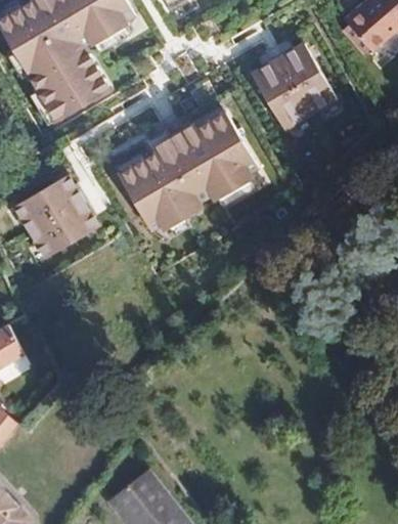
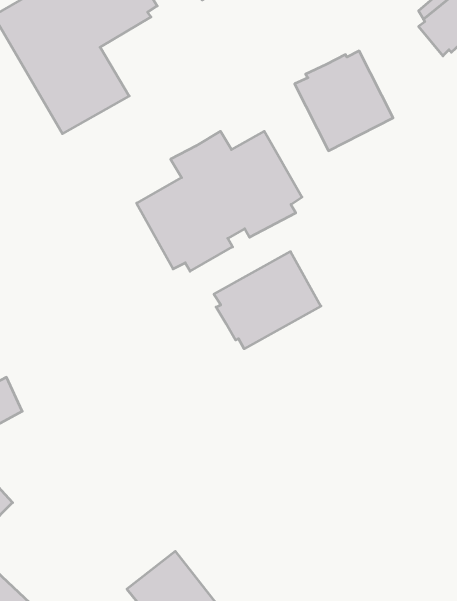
building: [9,175,93,258] -> none
building: none -> [214,252,321,349]

